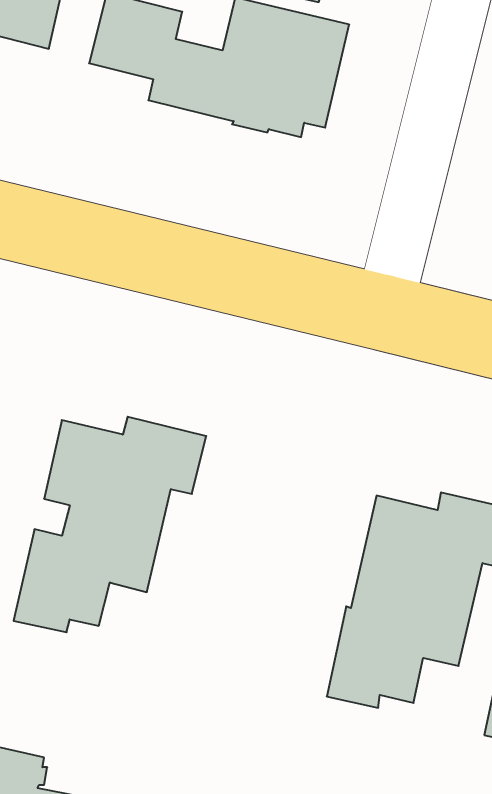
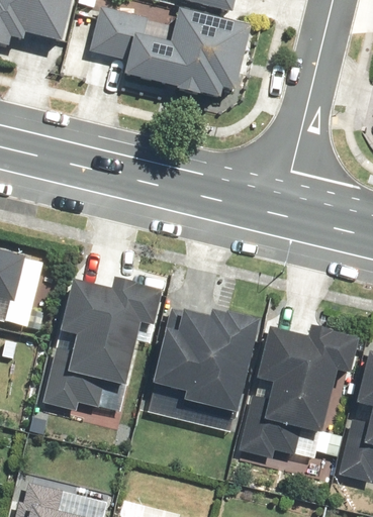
building: none -> [154,306,260,411]

